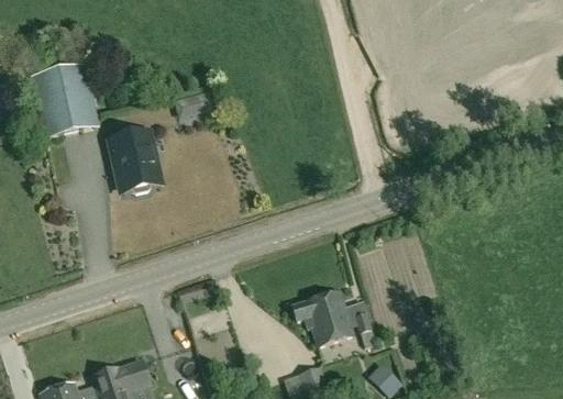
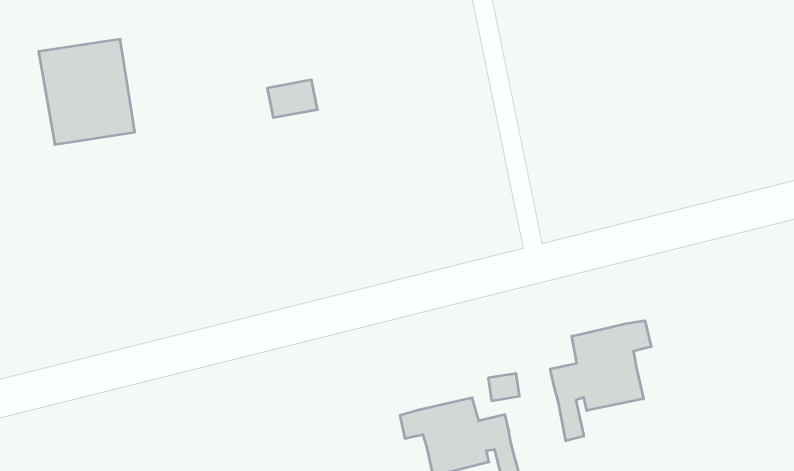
building: [107,132,157,193] -> none
building: none -> [550,321,651,441]

